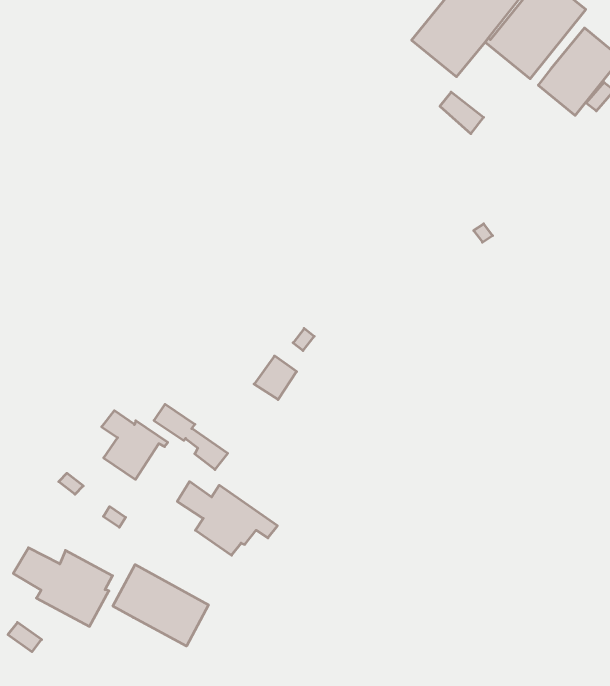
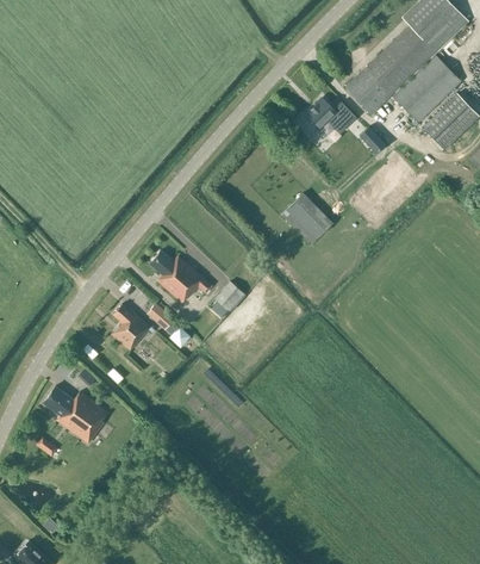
building: none -> [304,98,356,134]
building: none -> [281,193,332,243]
building: [177,482,277,555] -> [149,250,212,302]
building: [113,565,208,646] -> none

